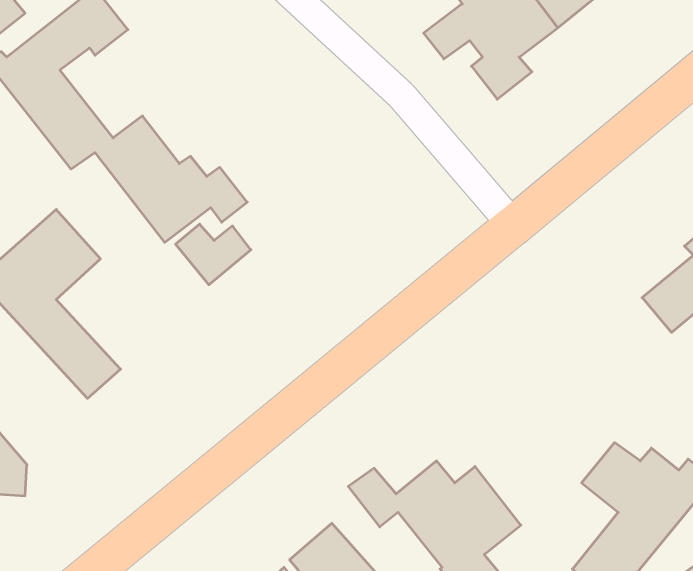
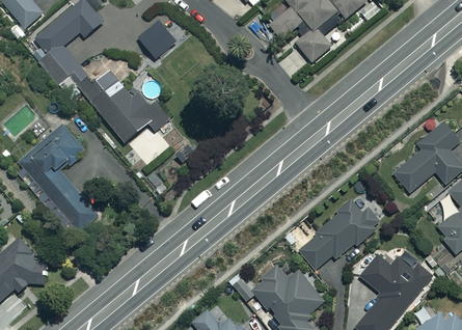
building: none -> [138,20,178,59]
building: none -> [299,201,379,269]

